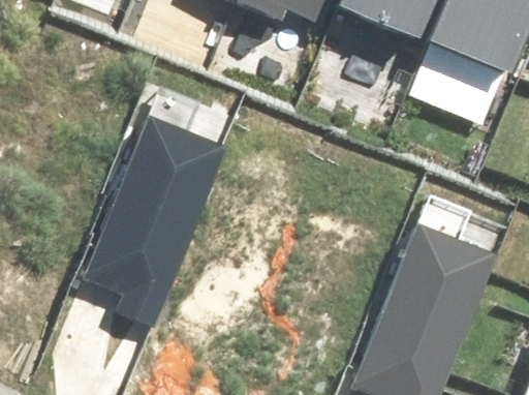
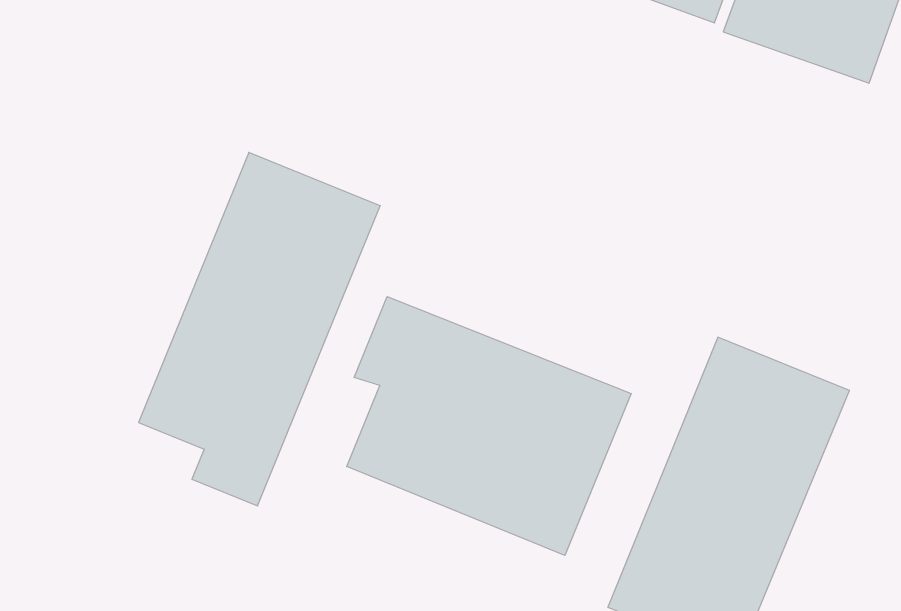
building: none -> [347,297,631,555]

